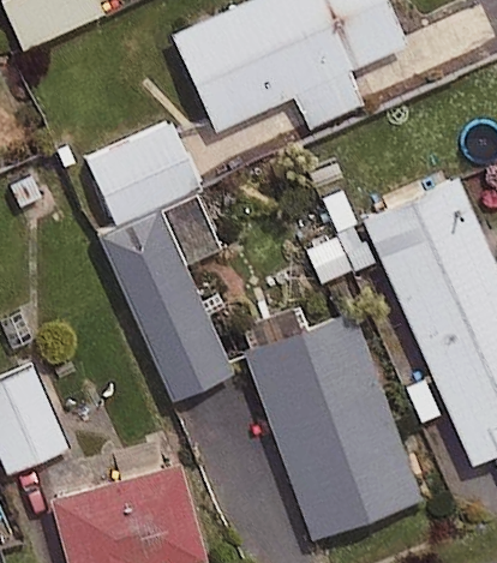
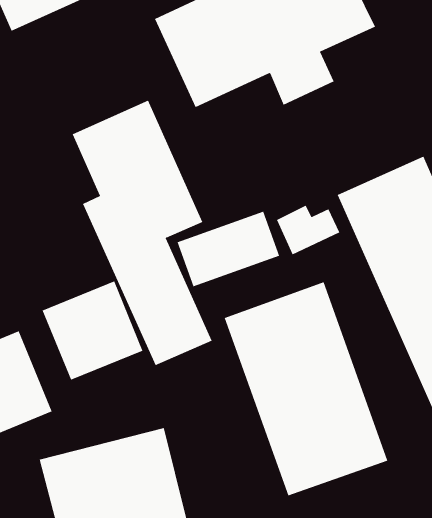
building: none -> [177,211,280,287]
building: none -> [42,281,143,381]

